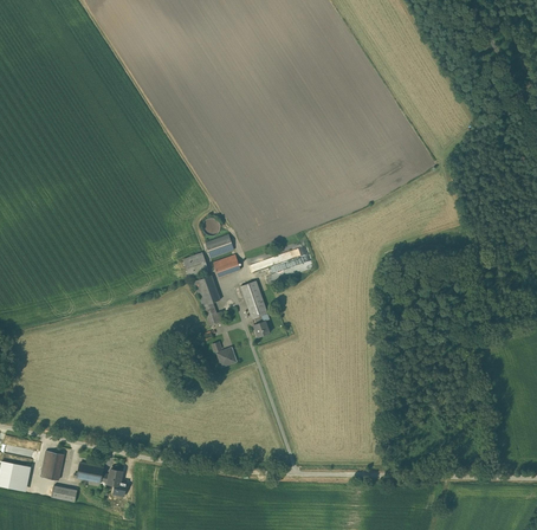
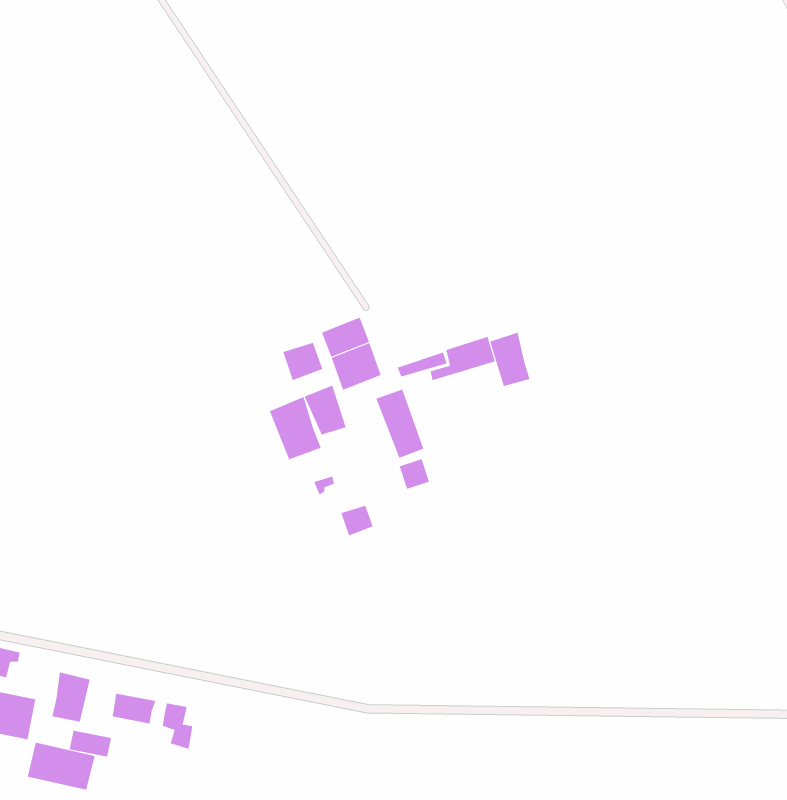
building: none -> [490,332,530,387]
building: none -> [269,396,322,460]
building: none -> [27,742,95,791]

